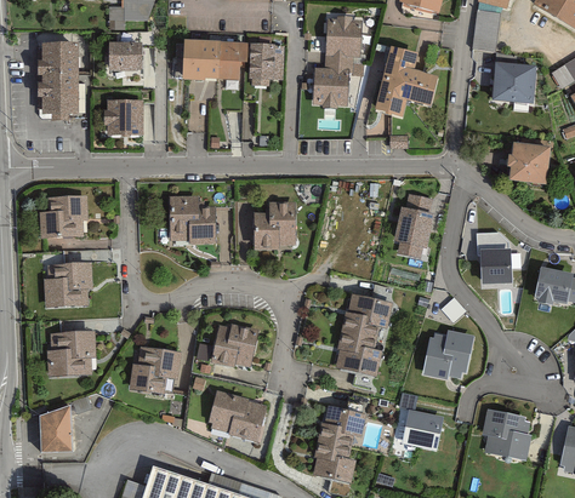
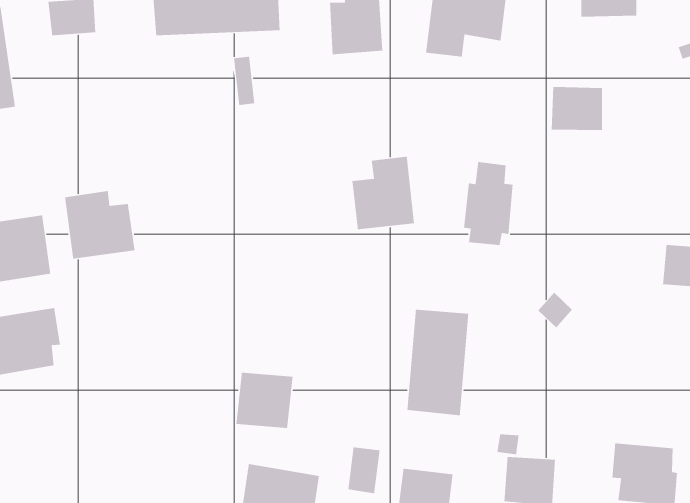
building: [106,101,141,133] -> none
building: [511,145,552,182] -> [551,86,603,131]
building: [169,196,216,244] -> [64,190,135,260]
building: [254,200,296,250] -> [351,156,415,230]
building: [477,248,508,284] -> none
building: [420,328,471,378] -> none
building: [47,334,95,376] -> none
building: [131,349,181,394] -> none
building: none -> [348,447,380,494]

